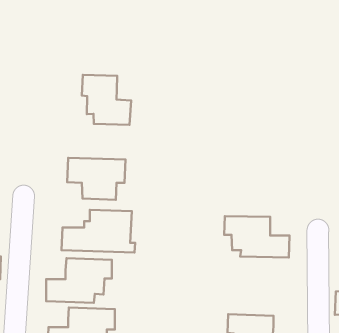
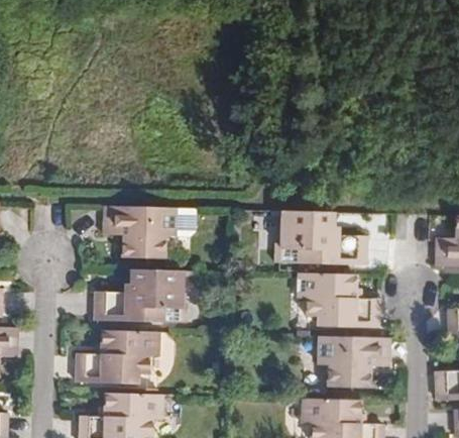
building: [82,75,131,125] -> none
building: none -> [273,212,365,265]
building: none -> [317,338,388,391]

